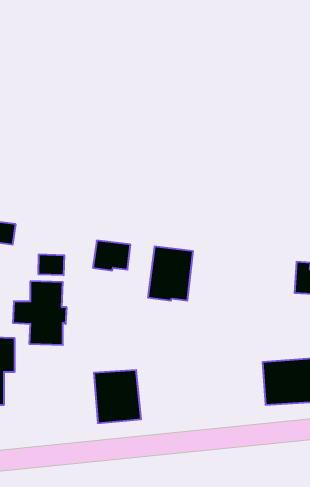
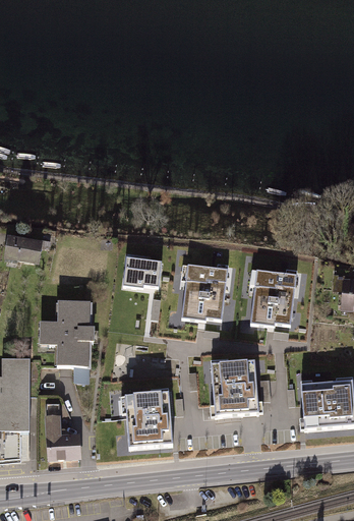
building: none -> [249,269,296,325]
building: [39,254,64,275] -> none
building: none -> [209,361,257,417]
building: none -> [45,415,80,461]

